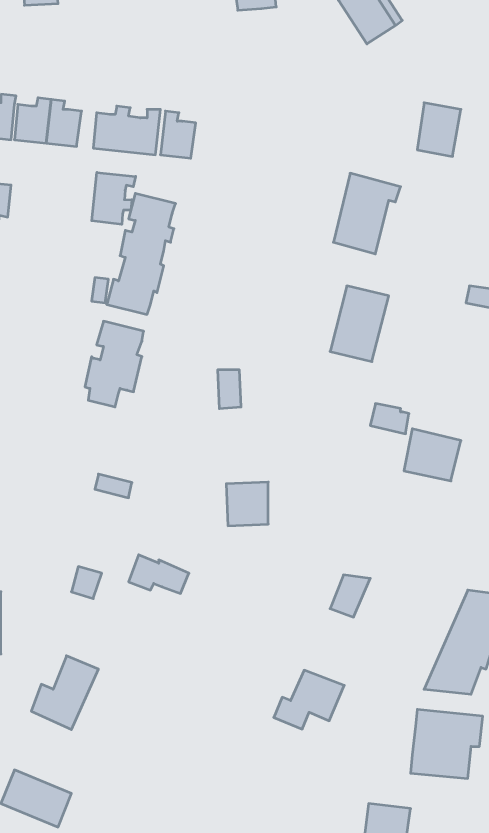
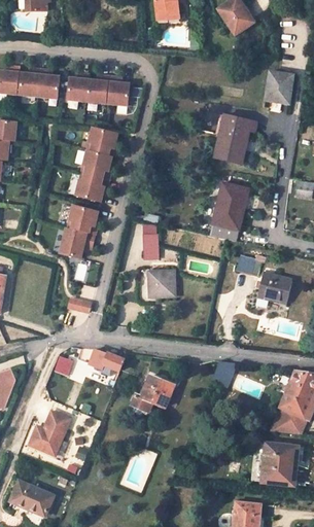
building: [92,172,136,224] -> none
building: [226,482,268,526] -> [147,270,173,296]
building: [274,670,344,729] -> [130,376,173,412]

